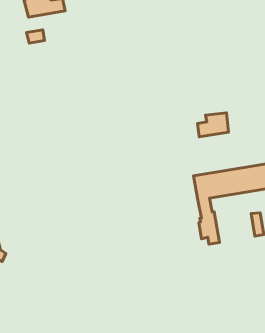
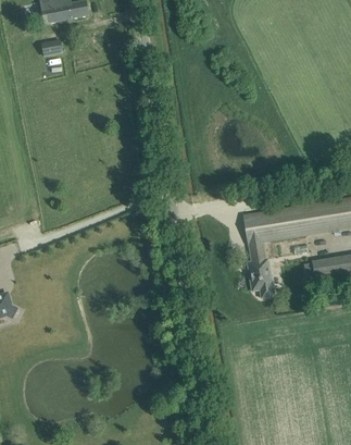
building: [197,113,228,137] -> none

